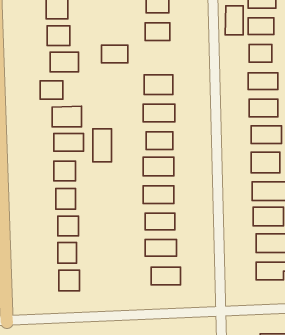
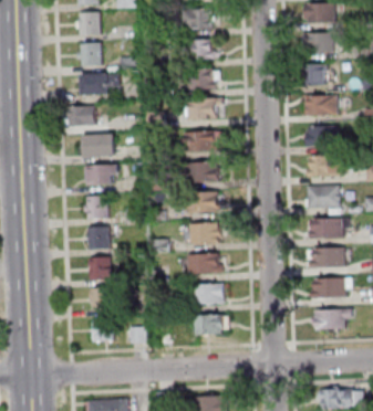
building: [225,6,243,35] -> none
building: [101,45,128,63] -> [188,70,218,89]
building: [93,129,111,162] -> none

